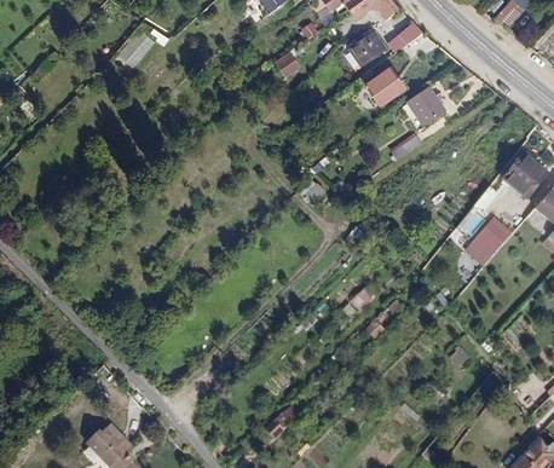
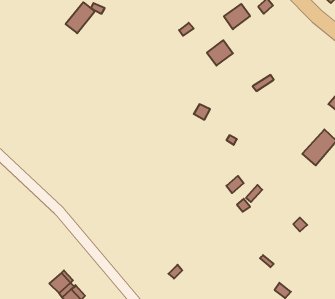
building: [365,67,404,104] -> [207,40,233,66]
building: [405,85,444,125] -> none

